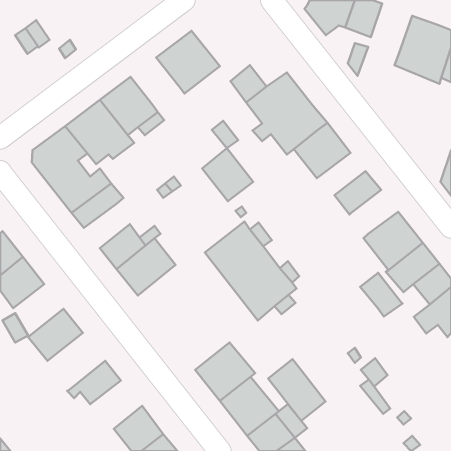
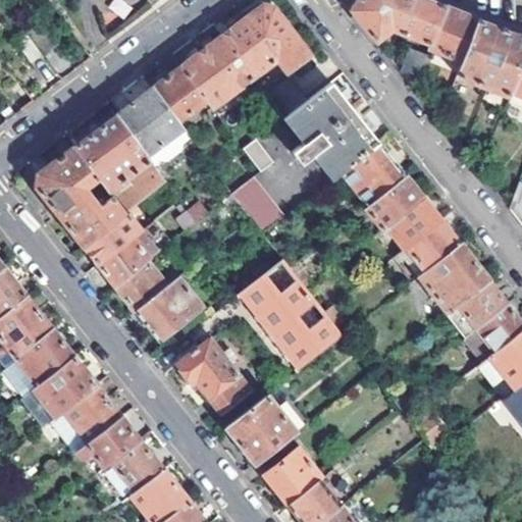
building: none -> [427,4,476,62]
building: none -> [221,6,309,76]
building: none -> [151,66,207,121]
building: none -> [111,165,167,212]
building: none -> [364,176,422,229]
building: none -> [406,219,460,270]
building: none -> [97,236,152,286]
building: [360,273,402,317] -> none
building: none -> [15,328,73,385]
building: none -> [176,336,253,415]
building: none -> [61,384,121,451]
building: [268,359,325,421] -> none
building: none -> [104,439,164,498]

